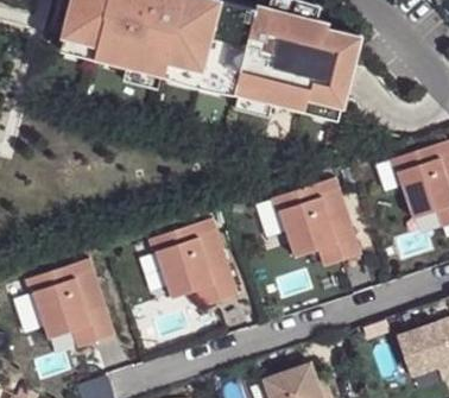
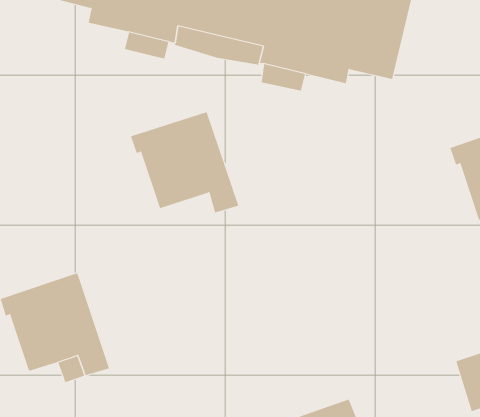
building: [268,181,358,265] -> none
building: [145,222,234,305] -> [130,111,239,213]

